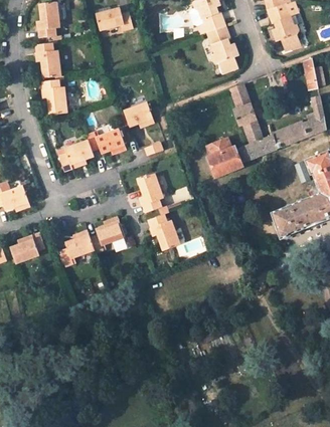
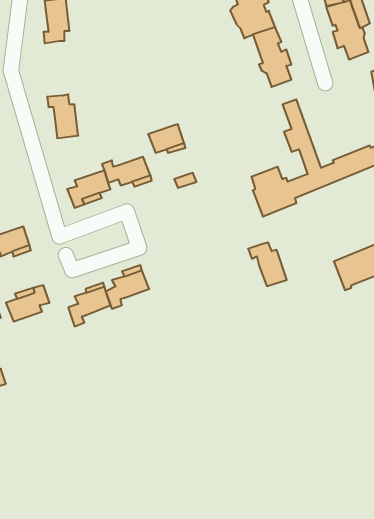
building: [96,8,133,30] -> none
building: [35,43,60,78] -> none
building: [137,174,162,213] -> none
building: [147,215,178,250] -> [248,242,287,286]

